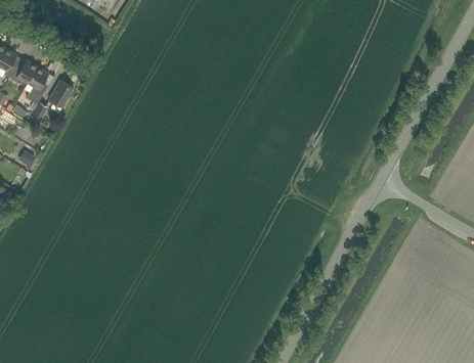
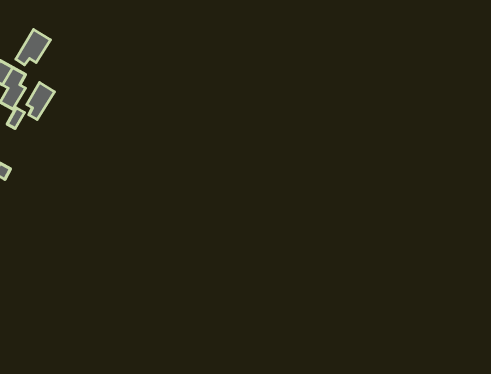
building: none -> [16,29,51,65]

